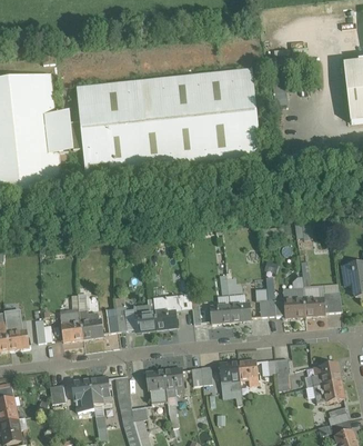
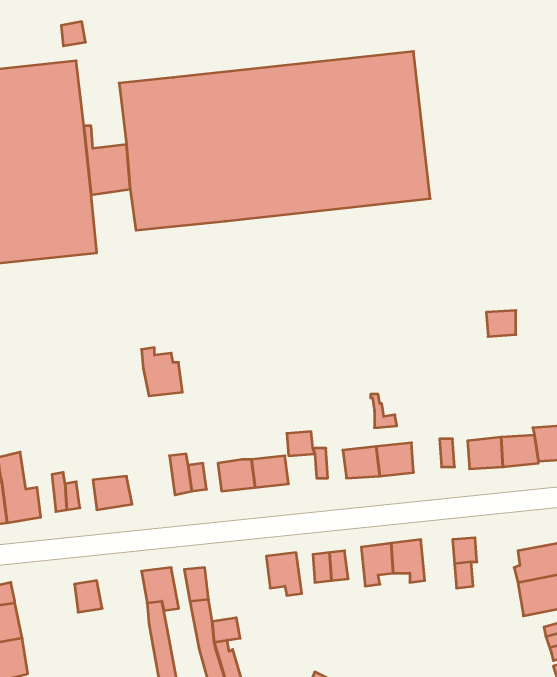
building: [79,308,103,337] -> [141,348,182,396]
building: [145,368,167,402] -> none
building: [71,377,93,410] -> none

